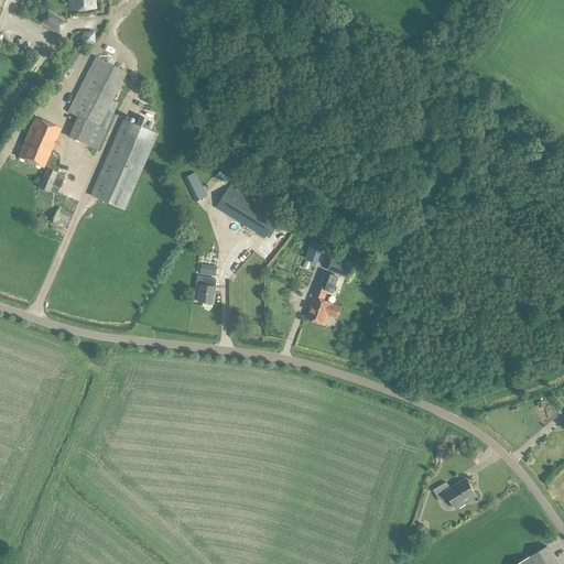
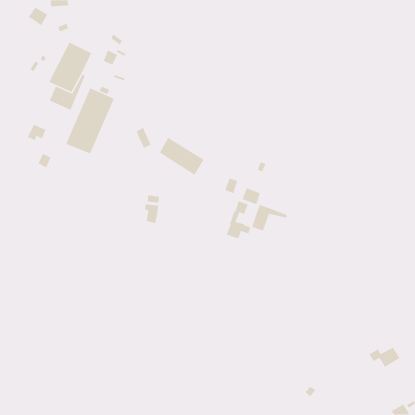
building: [15,117,58,167] -> none
building: none -> [251,204,287,232]
building: [432,479,475,508] -> [369,347,400,368]

